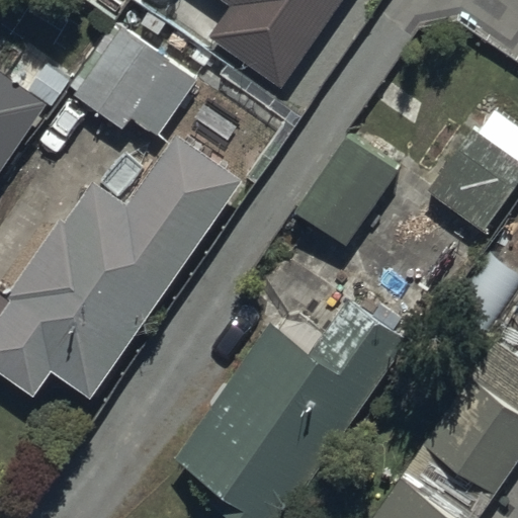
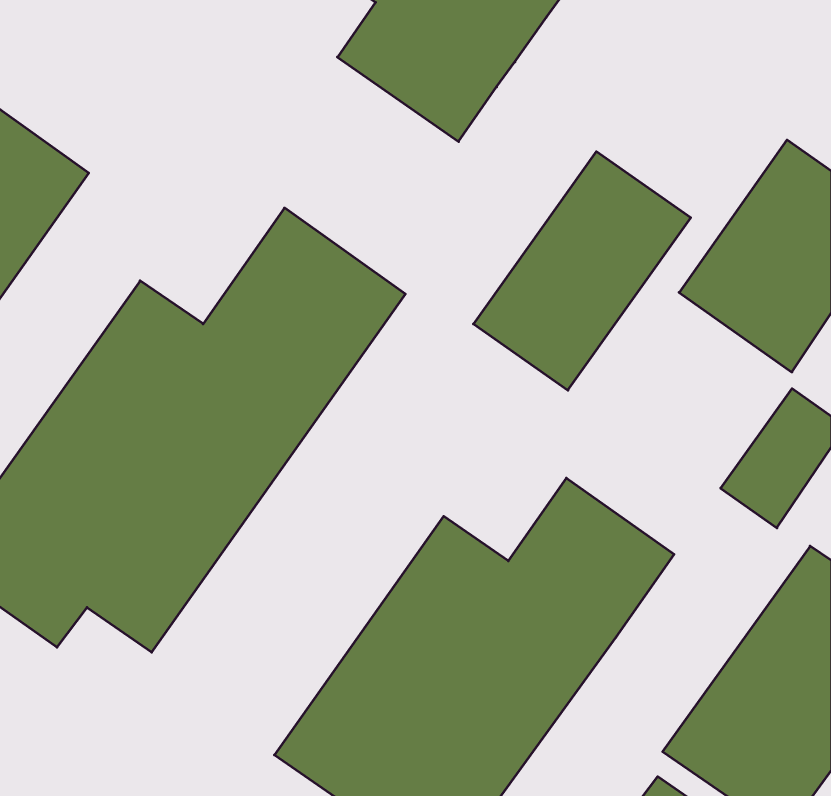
building: [77,26,194,143] -> none

